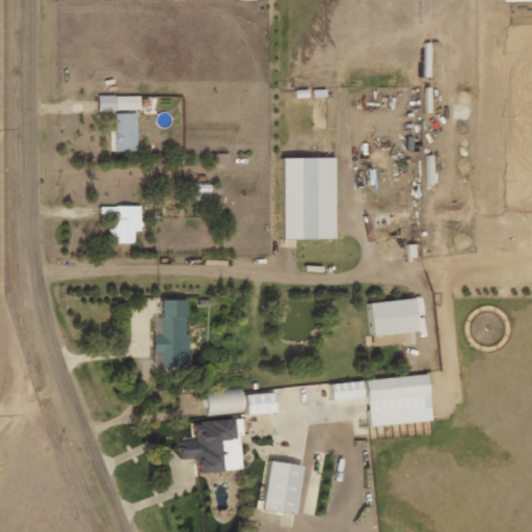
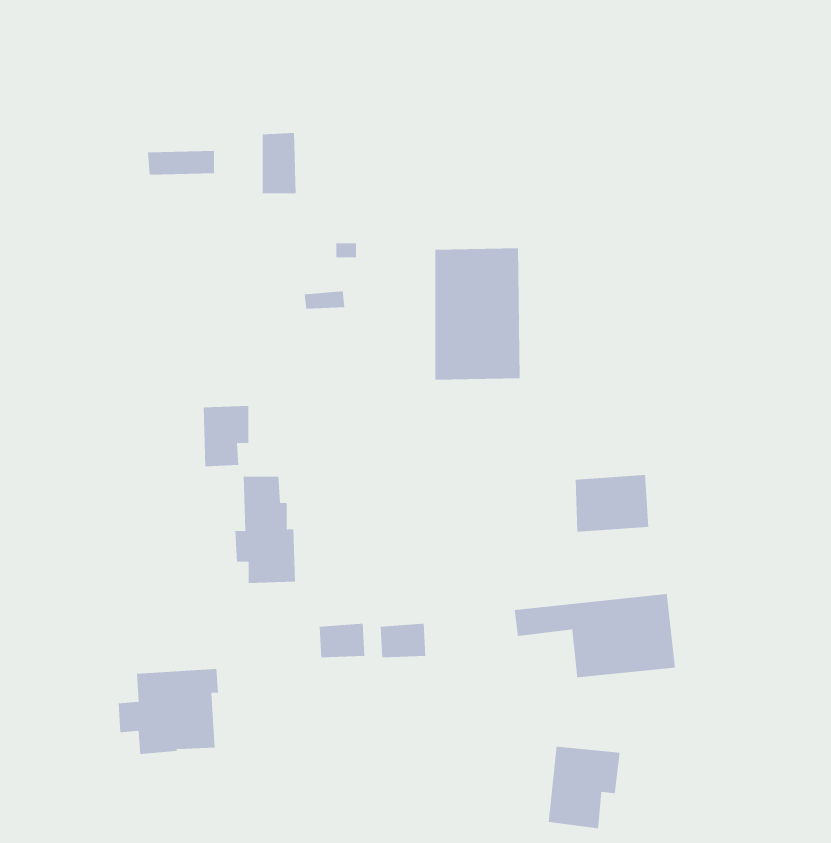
building: [119,112,141,151] -> [262,133,296,194]
building: [116,205,145,243] -> [203,406,249,467]
building: [184,419,247,473] -> [118,668,219,754]
building: [263,461,309,513] -> [548,746,620,829]

